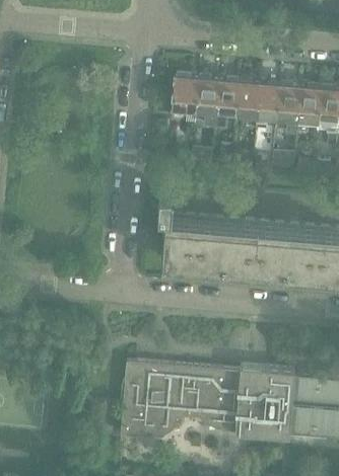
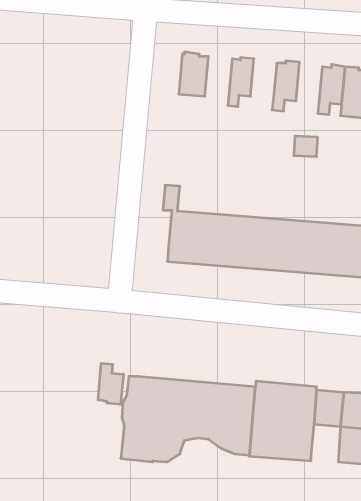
building: [195,75,219,121] -> none
building: [235,79,259,125] -> none
building: [276,82,299,128] -> none
building: none -> [98,363,123,404]
building: [289,404,316,438] -> none

